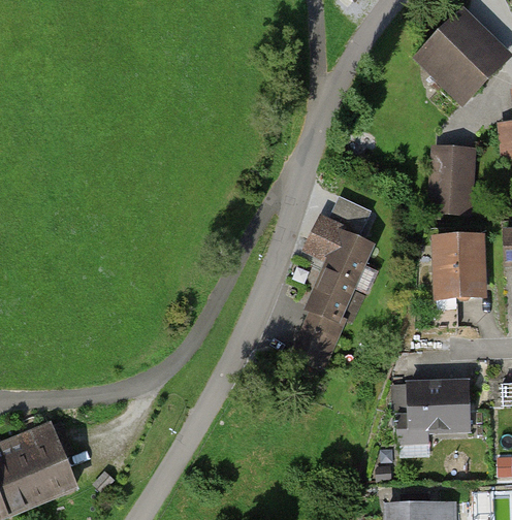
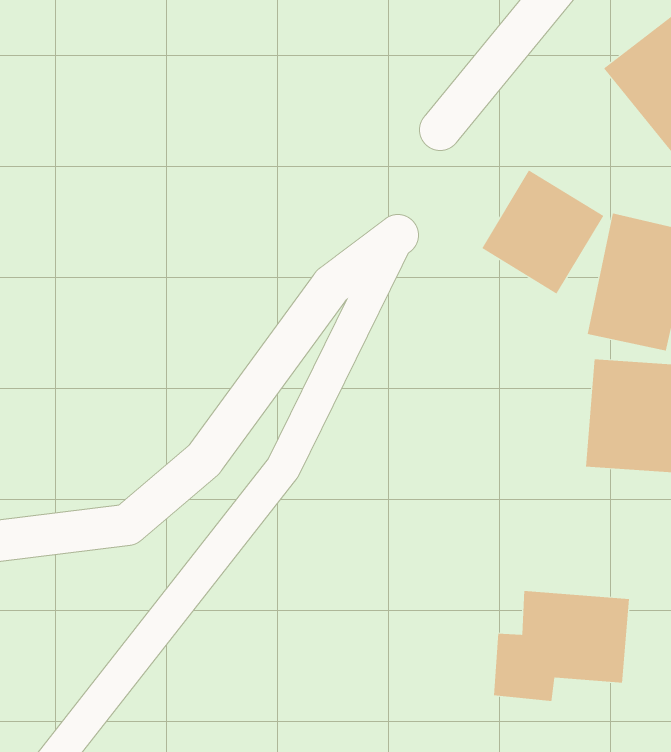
building: none -> [481,169,604,294]
building: [288,198,382,368] -> none

